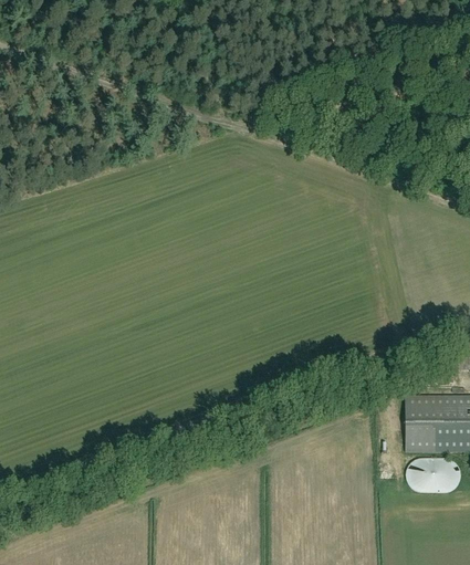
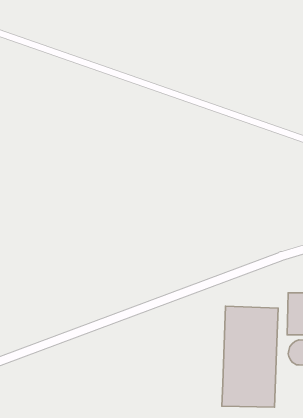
building: none -> [222,306,278,407]

